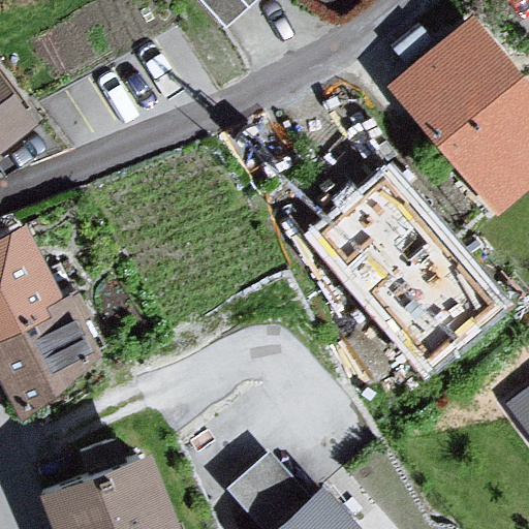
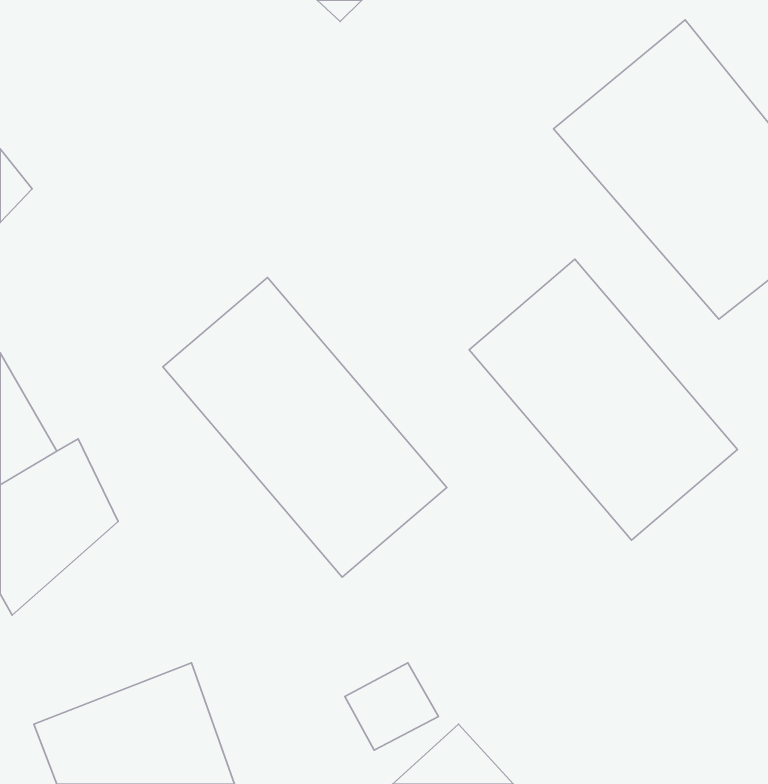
building: none -> [163,277,447,577]

